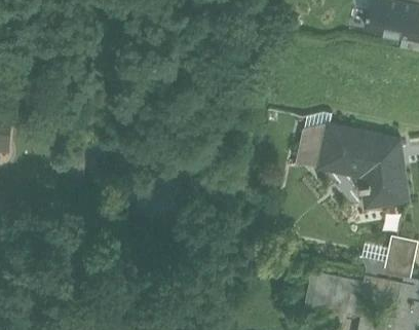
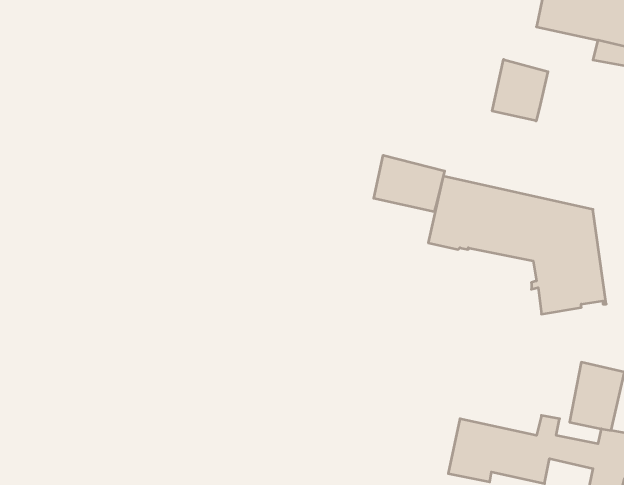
building: none -> [492,59,548,121]
building: none -> [374,155,445,212]

